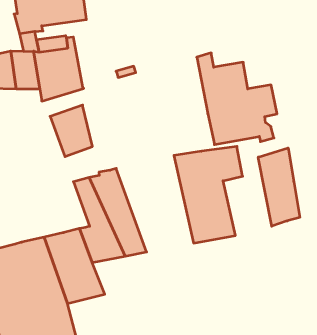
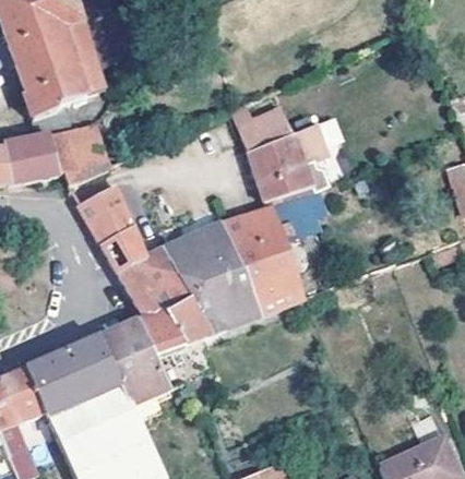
building: none -> [104,226,145,268]
building: [258,148,300,226] -> none
building: none -> [163,220,262,332]

